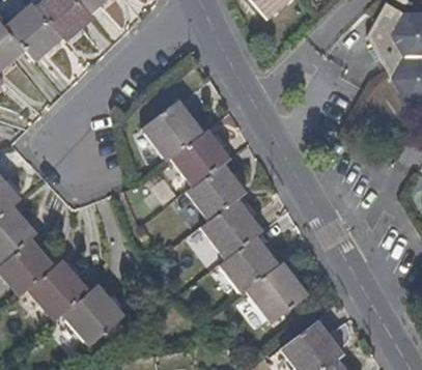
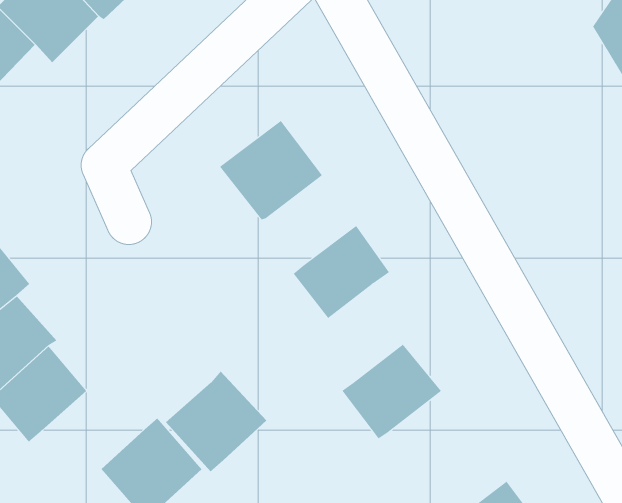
building: [169,127,231,187] -> none
building: [198,198,261,259] -> none
building: [30,257,93,320] -> [165,370,267,472]
building: [245,261,306,322] -> none

